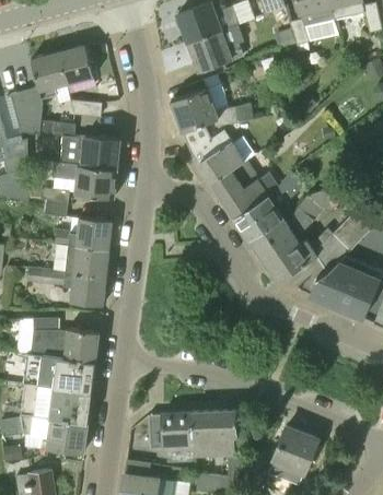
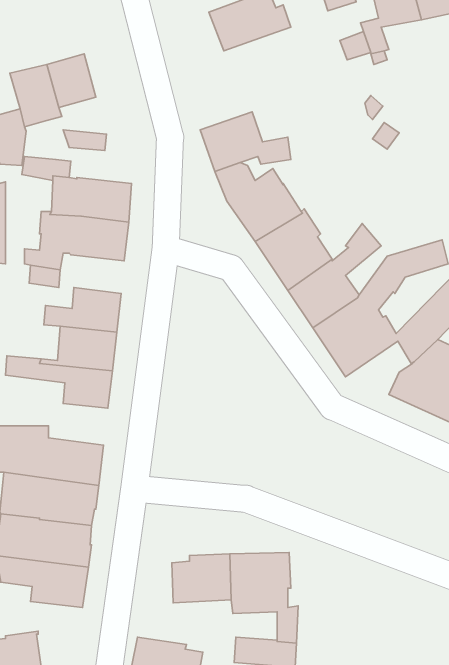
building: [187,31,243,71] -> none
building: [272,426,317,473] -> none

